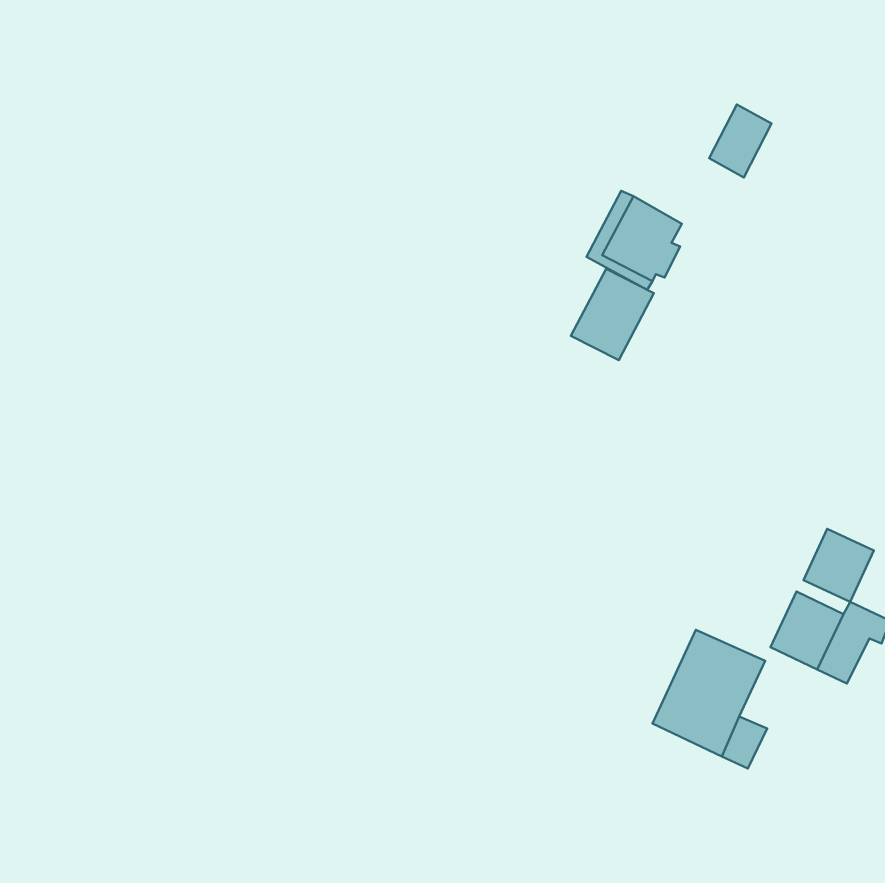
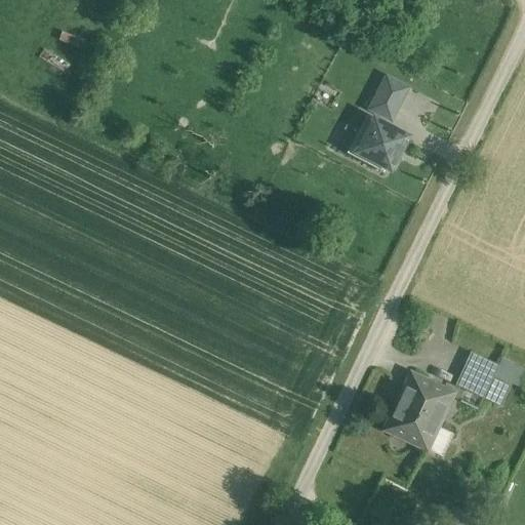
building: [709,105,772,177] -> [371,75,408,118]
building: [571,269,654,360] -> none
building: [804,529,874,602] -> none

